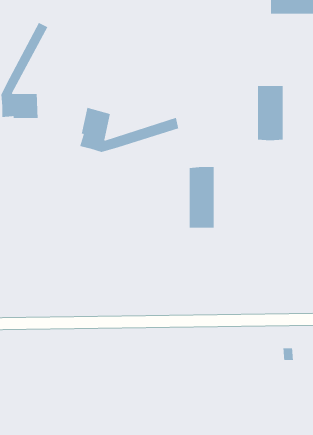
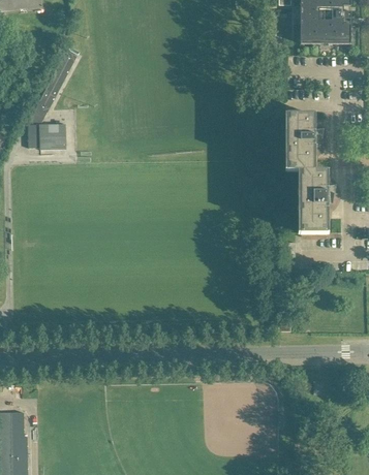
building: [79,107,179,153] -> none
building: [189,166,214,229] -> [300,169,326,232]

